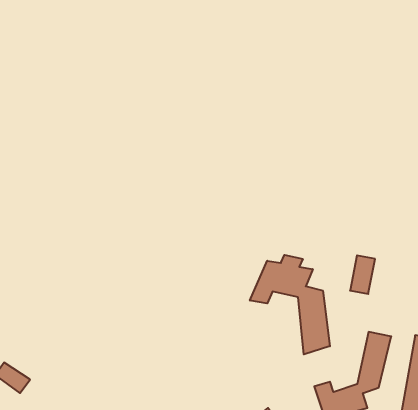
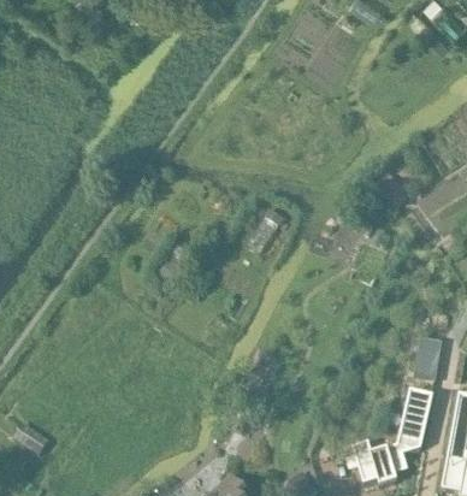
building: [250,255,330,354] -> none
building: [350,255,375,294] -> [414,338,441,379]

